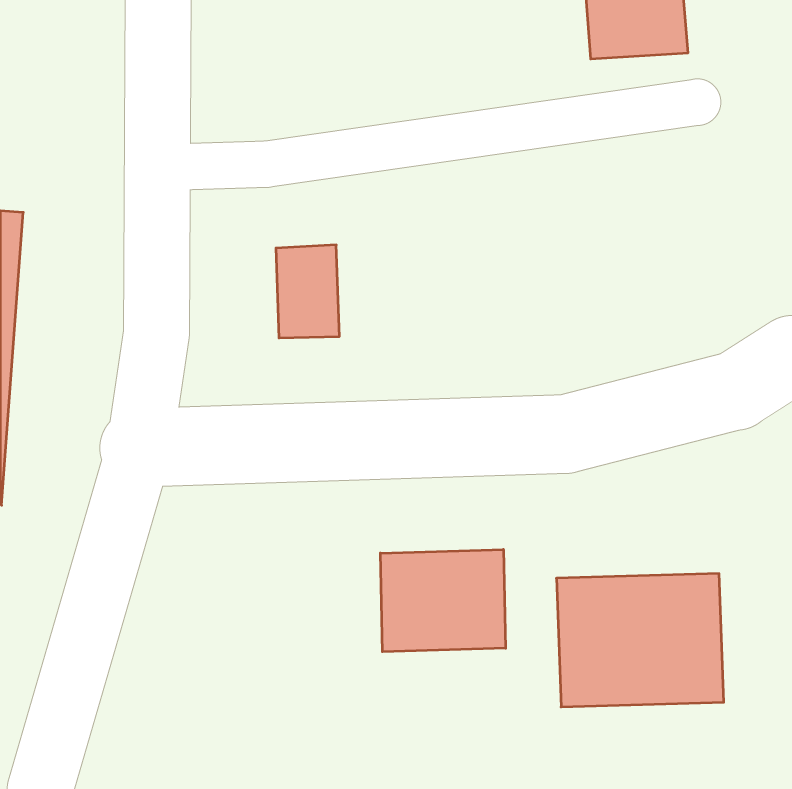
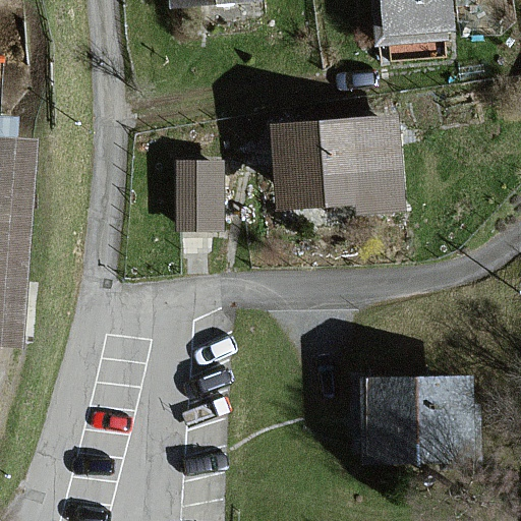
building: none -> [282,120,397,208]
building: [380,549,506,652] -> none

